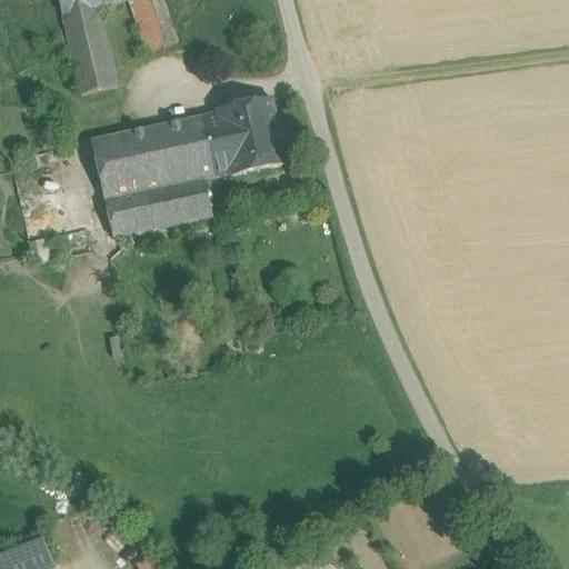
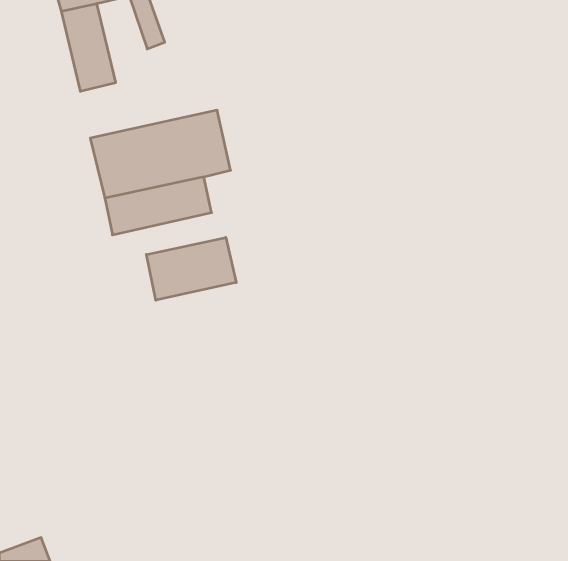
building: [216,96,286,172] -> none
building: none -> [146,237,236,300]

